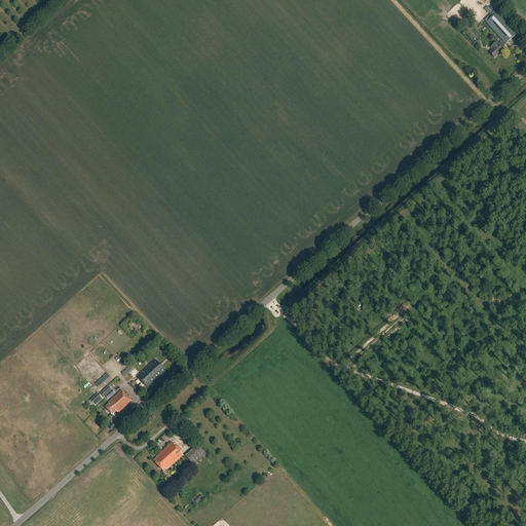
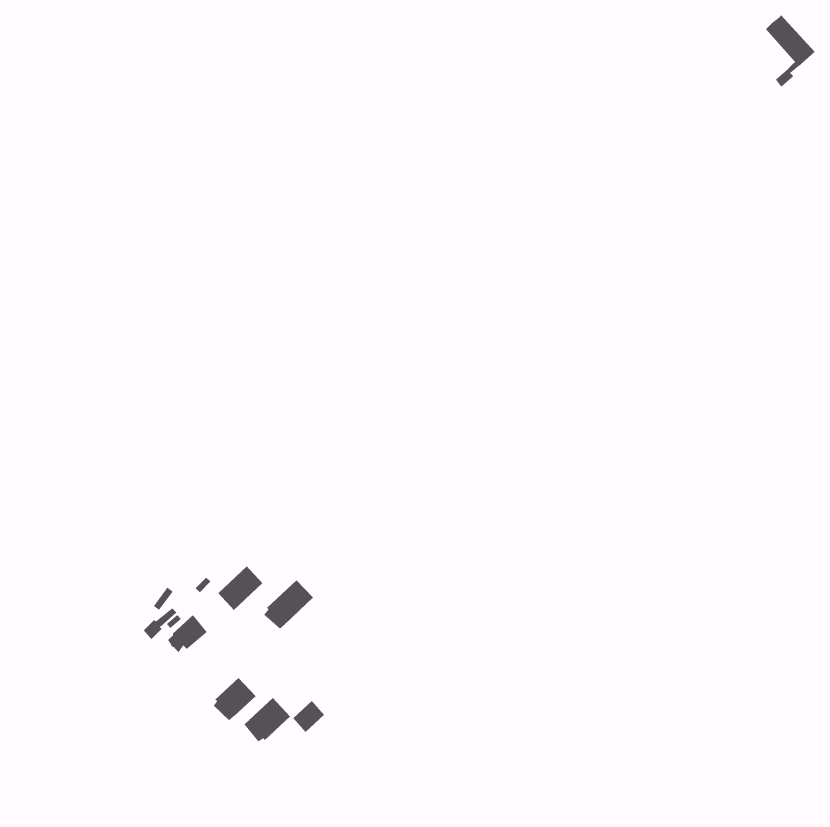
building: none -> [263,579,314,630]
building: none -> [213,677,256,721]

